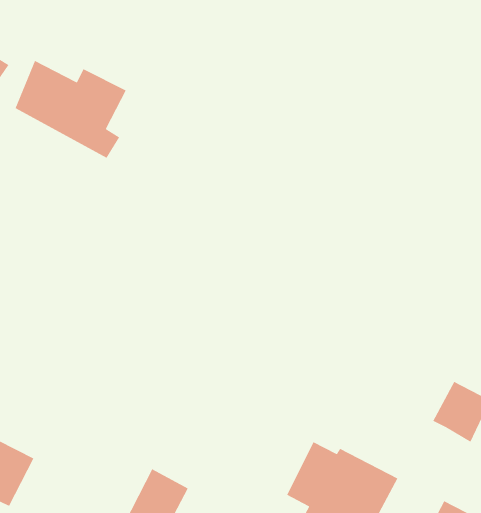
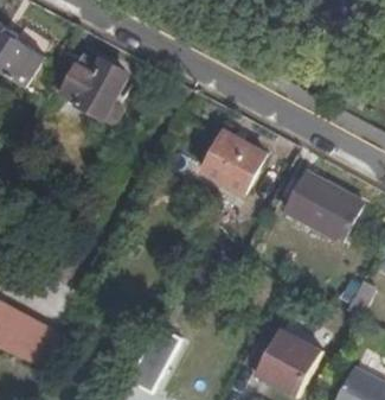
building: none -> [201,132,262,193]
building: none -> [283,173,359,239]

